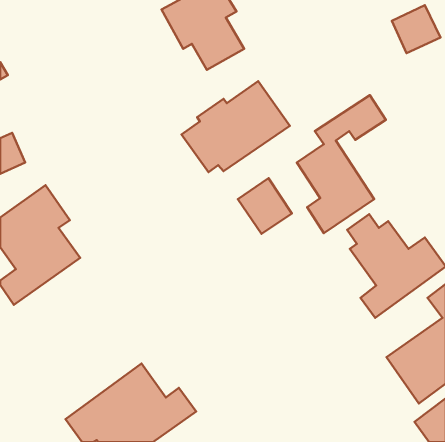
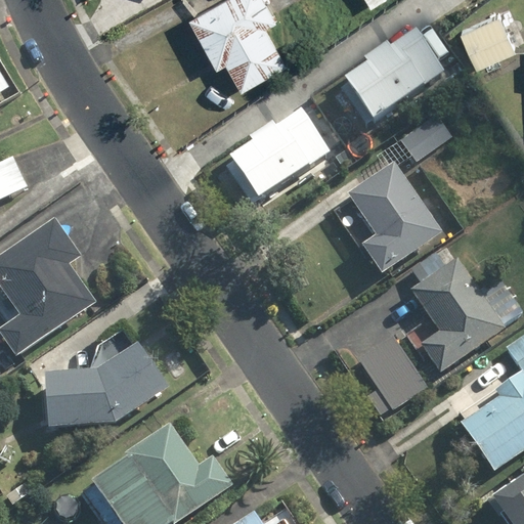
building: none -> [325,14,452,121]
building: [238,178,292,234] -> none
building: none -> [45,344,167,430]

